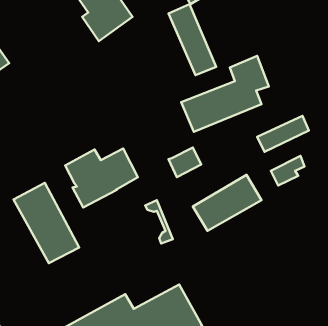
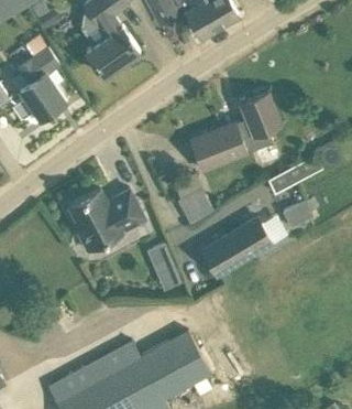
building: [168,4,216,75] -> none
building: none -> [15,49,66,125]
building: [14,183,79,263] -> none

